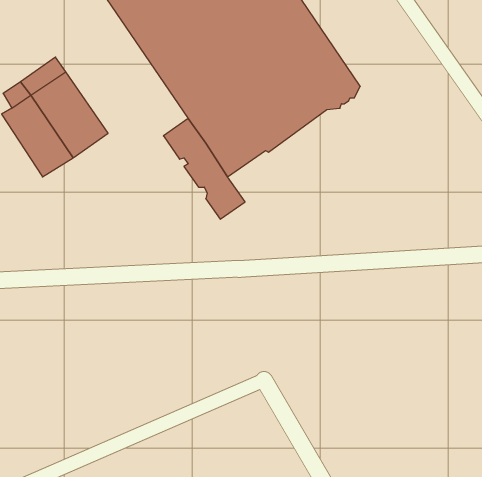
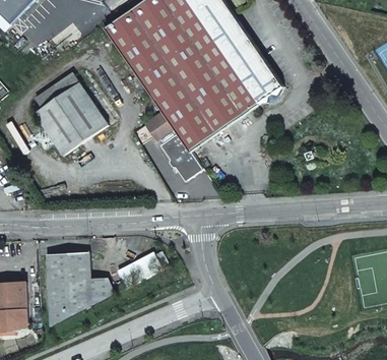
building: none -> [43,247,180,325]

